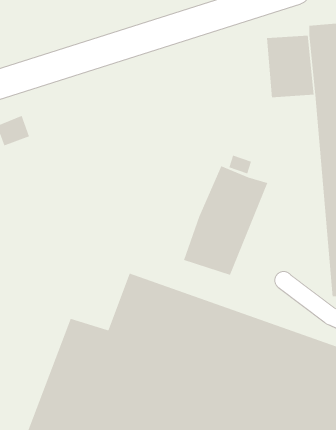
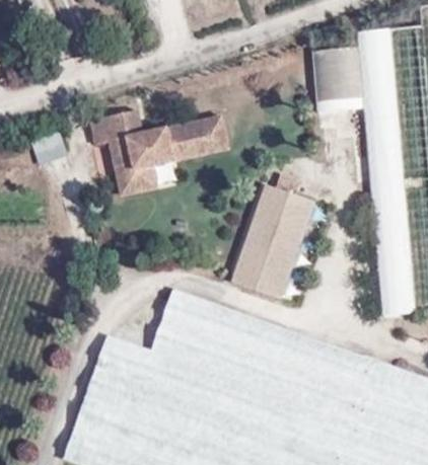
building: none -> [88,104,231,193]

